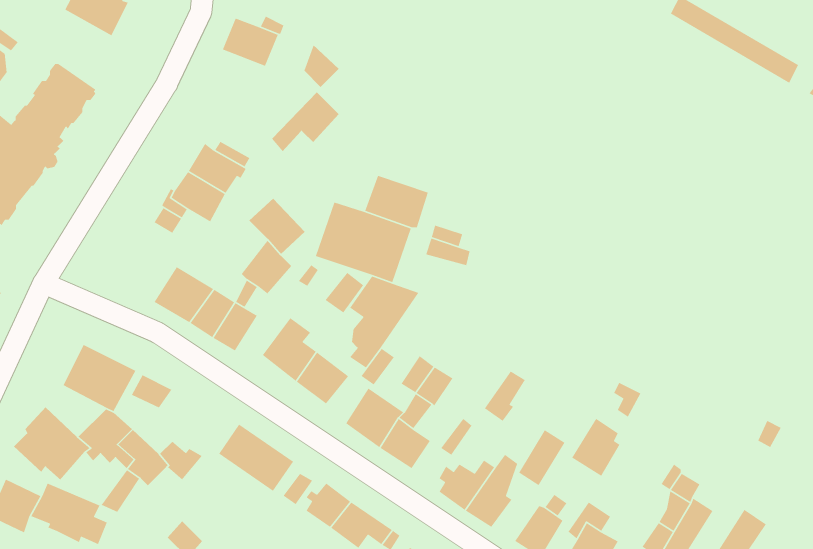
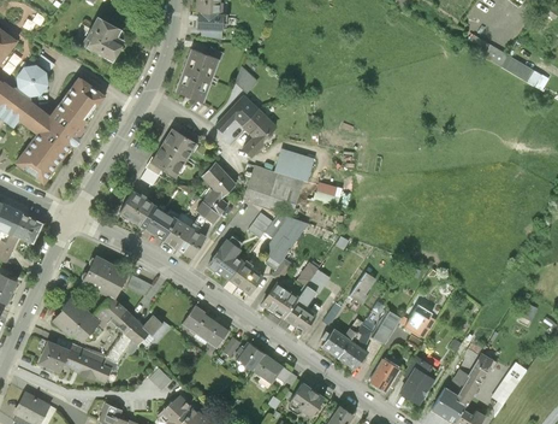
building: none -> [176,69,210,100]
building: none -> [241,110,275,158]
building: none -> [118,192,154,229]

